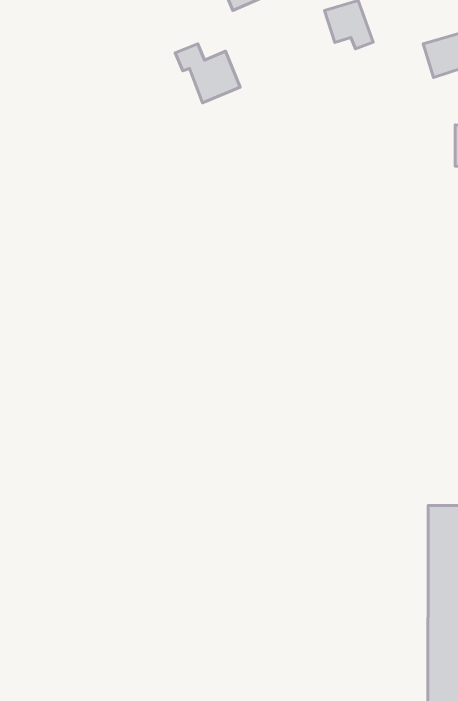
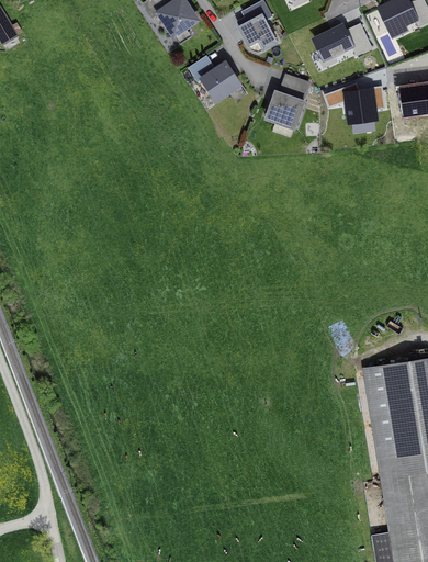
building: [175,44,240,103] -> [190,60,240,102]
building: none -> [266,80,308,137]

